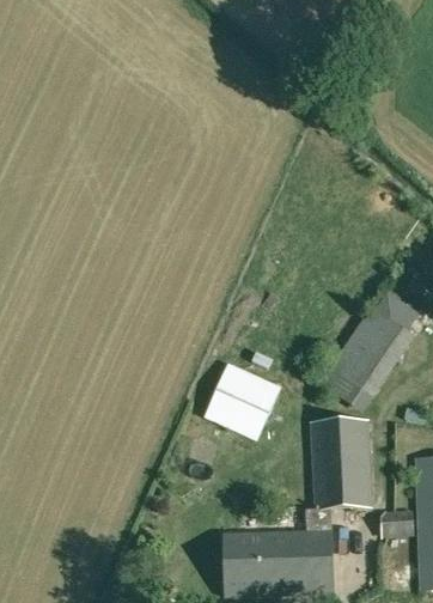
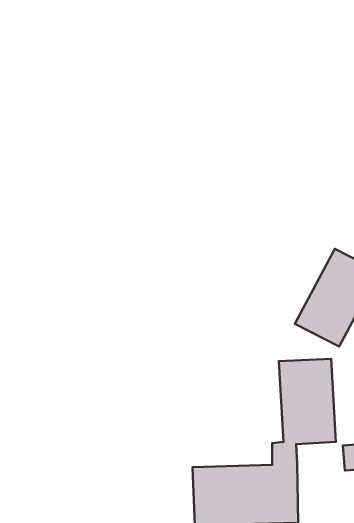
building: [205,364,279,438] -> none

